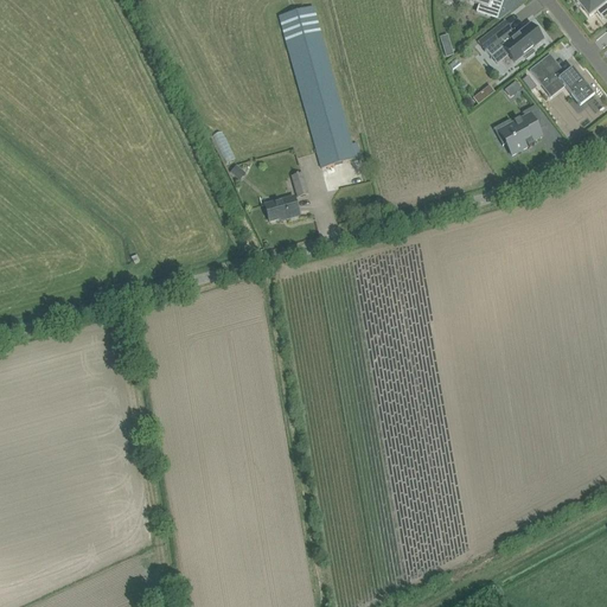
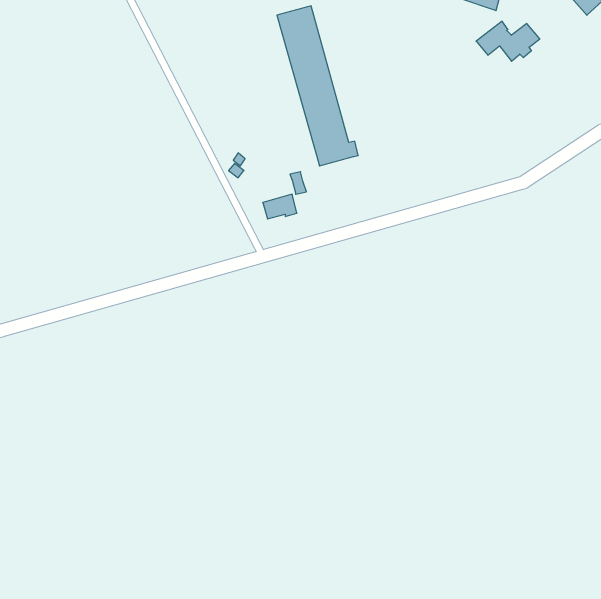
building: [530,62,595,106] -> none
building: [493,104,543,155] -> none

